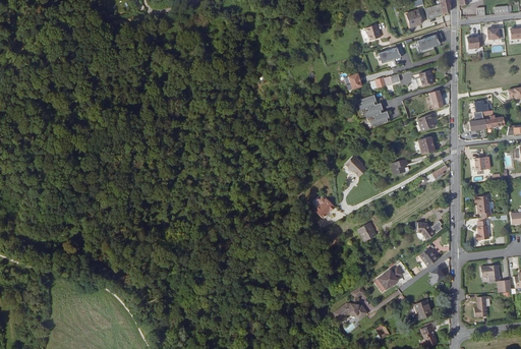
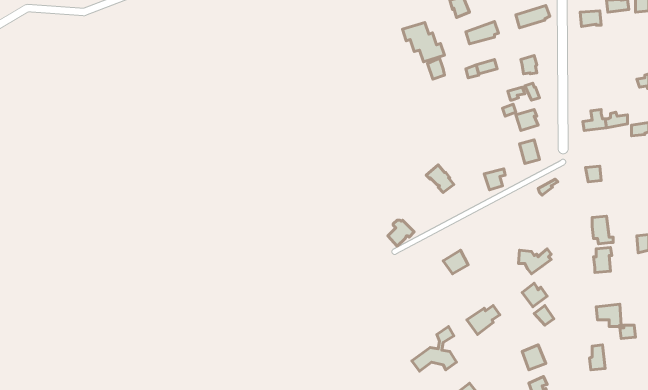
building: [356,94,389,124] -> [402,22,445,62]

